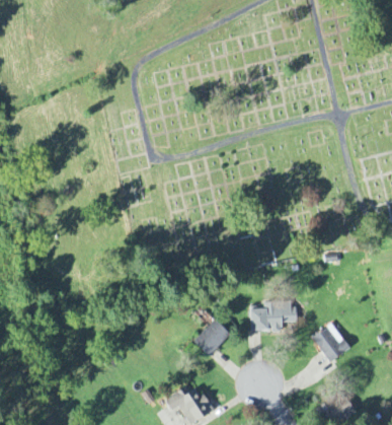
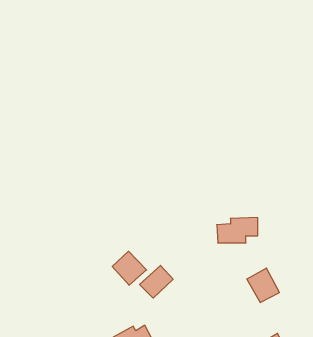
building: [250,301,296,330] -> [217,218,258,243]
building: none -> [112,251,147,285]

